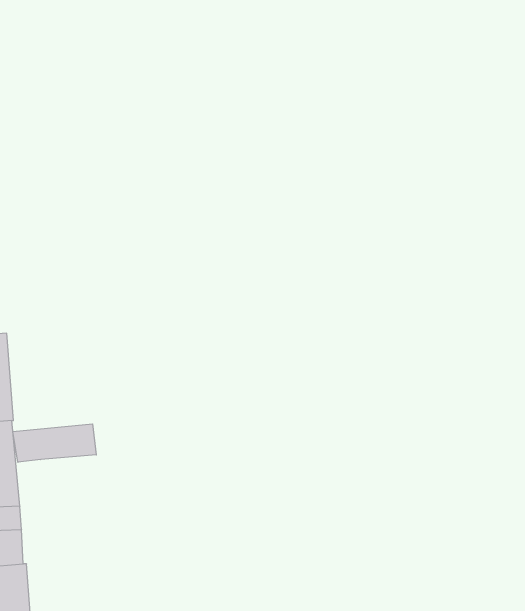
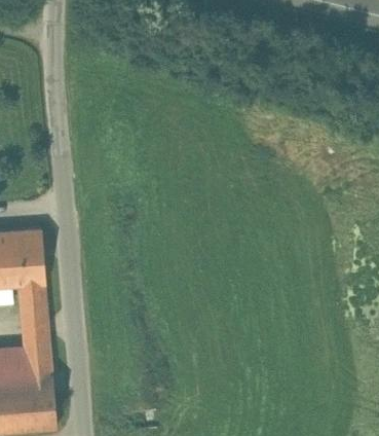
building: [13,424,96,462] -> none

